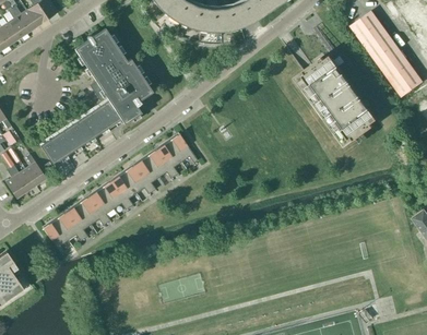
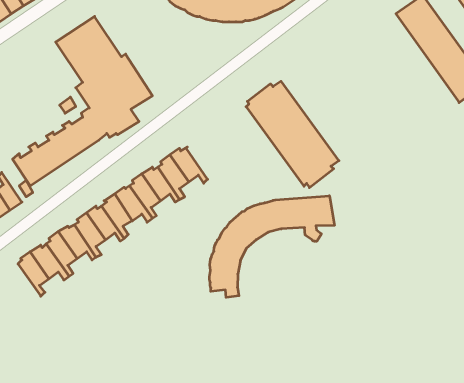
building: [303,55,378,141] -> [246,81,339,188]
building: none -> [209,196,334,297]

